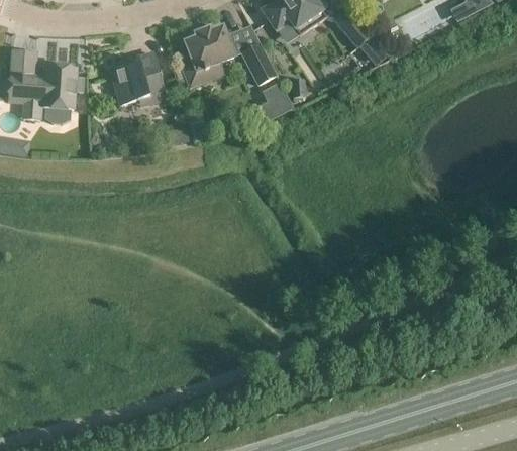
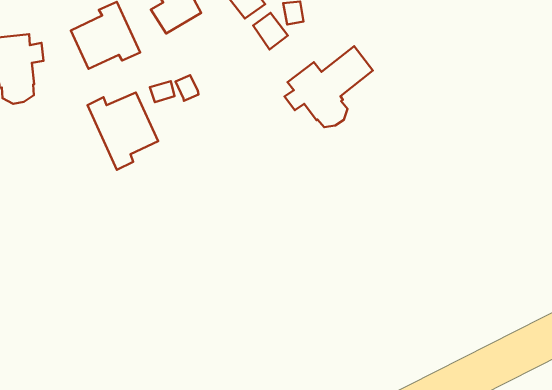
building: none -> [284,46,373,127]
building: none -> [87,92,158,170]

